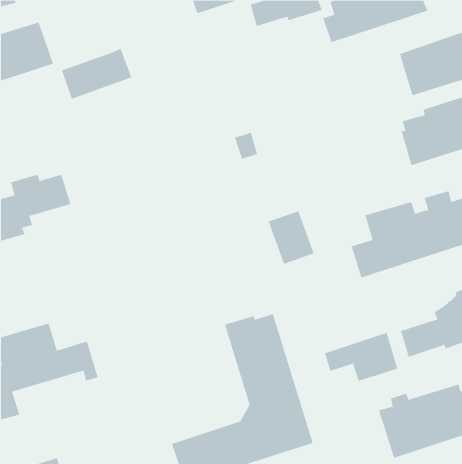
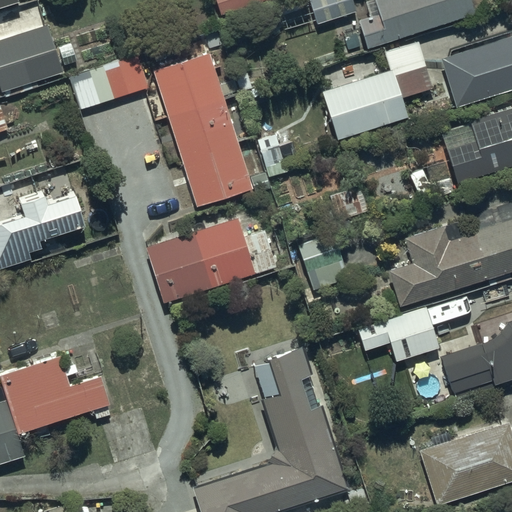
building: none -> [323,43,433,140]
building: none -> [153,52,254,206]
building: none -> [145,219,275,305]
building: [324,332,398,381] -> [358,308,439,362]

